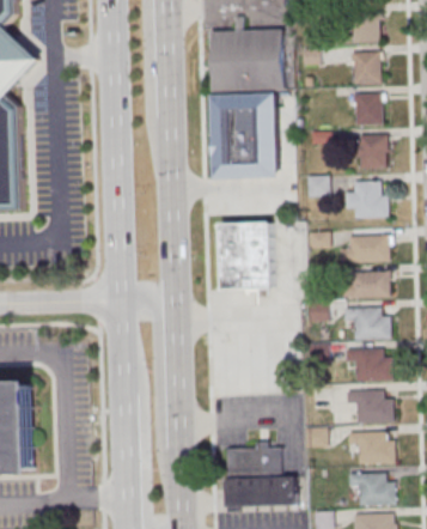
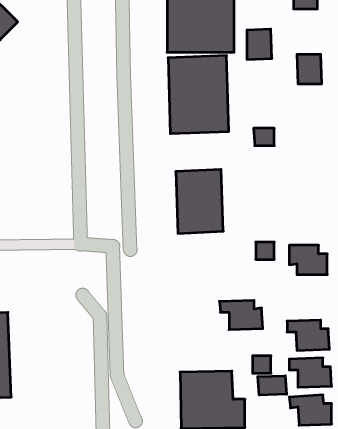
building: [354,53,382,86] -> [247,29,272,59]
building: [359,136,386,169] -> none
building: [354,182,388,218] -> none
building: [342,235,392,261] -> none
building: [346,270,390,297] -> none
building: [343,347,391,379] -> [219,300,263,330]
building: none -> [258,376,287,395]

